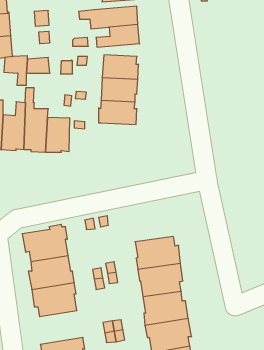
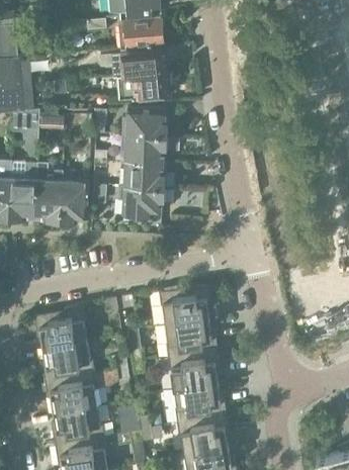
building: none -> [121,188,165,218]
building: none -> [158,287,210,326]
building: none -> [51,406,103,446]

